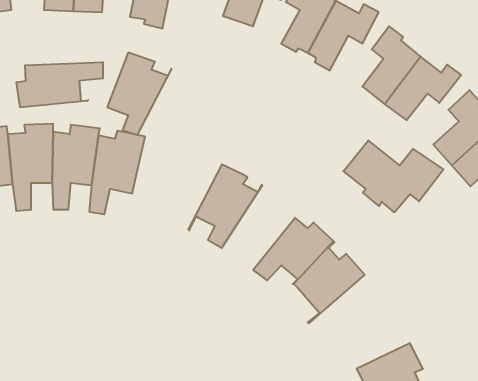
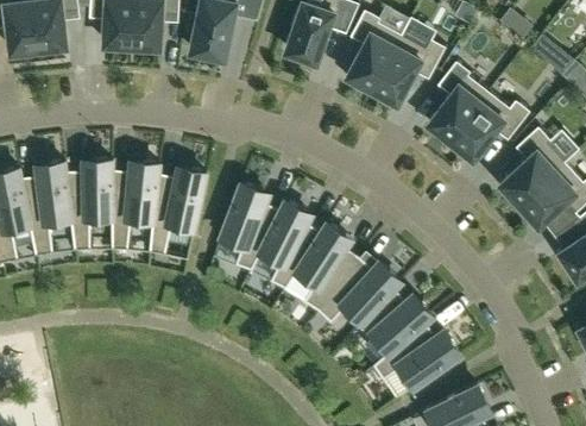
building: [107,53,171,135] -> [219,184,284,269]
building: [17,62,103,107] -> none
building: [343,140,443,212] -> none
building: none -> [284,224,359,311]
building: none -> [373,315,459,389]

